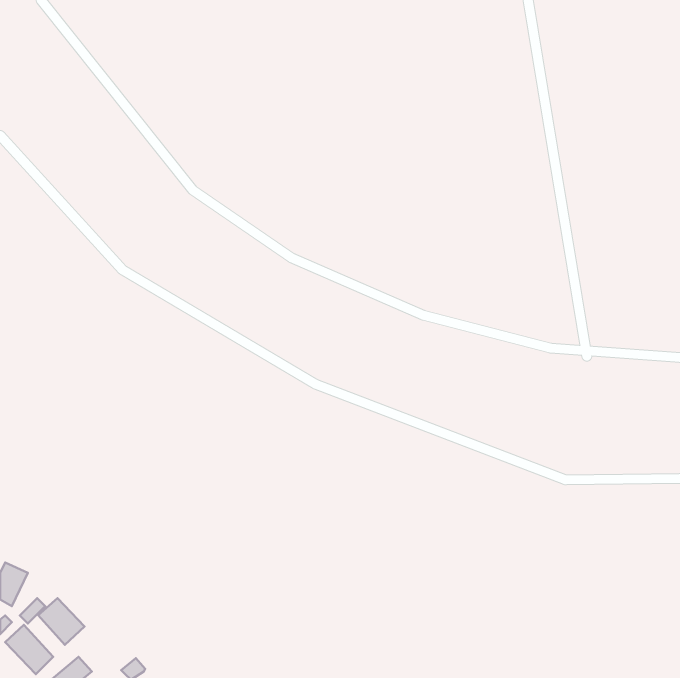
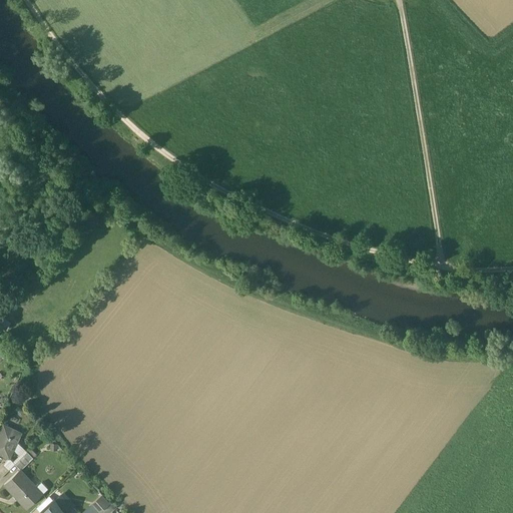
building: [38,598,84,645] -> none

